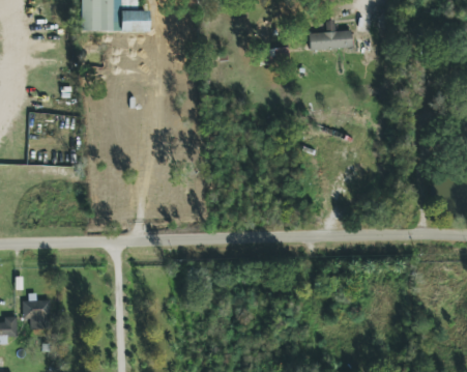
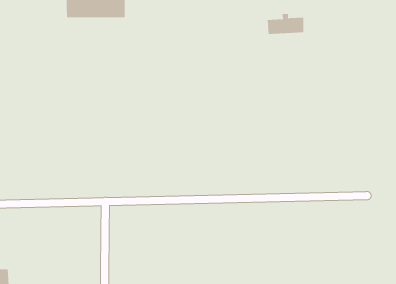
building: [23,299,52,328] -> none

